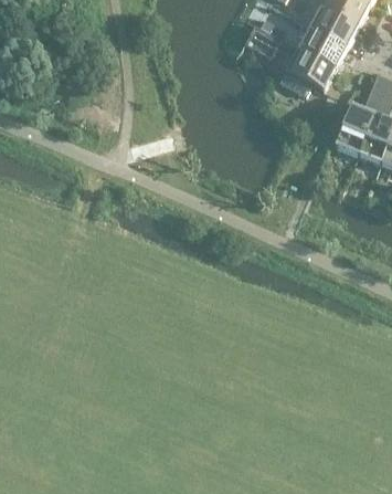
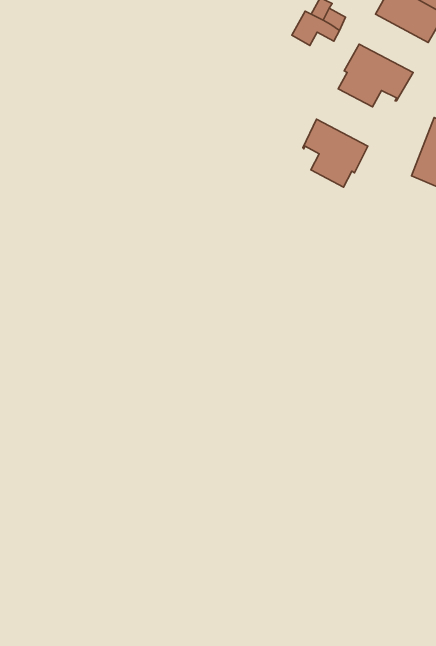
building: [297,24,348,67] -> none
building: none -> [303,119,368,187]

